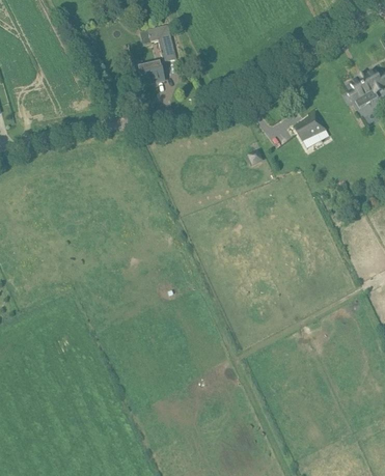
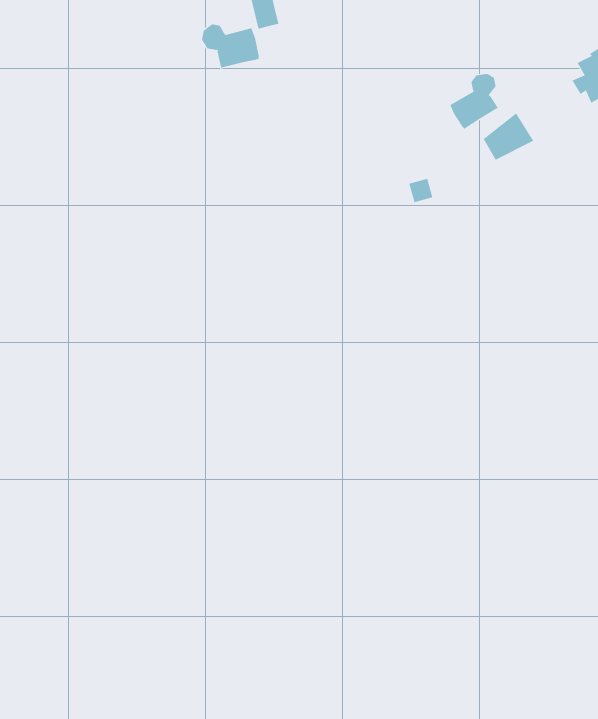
building: none -> [449,73,499,129]

